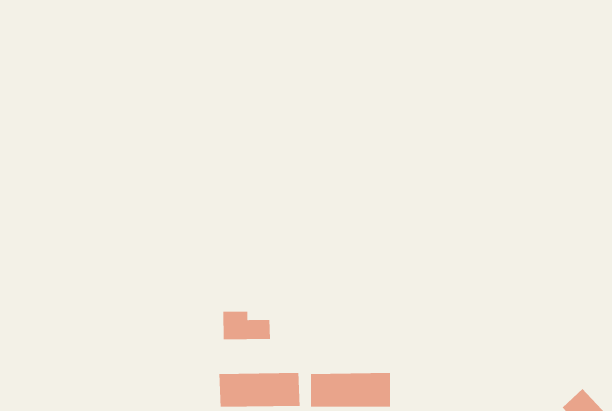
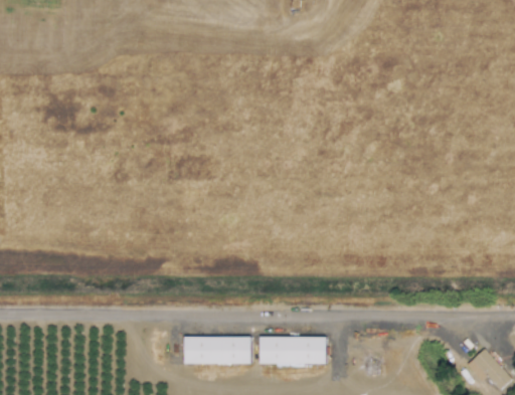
building: [223,311,271,340] -> none

